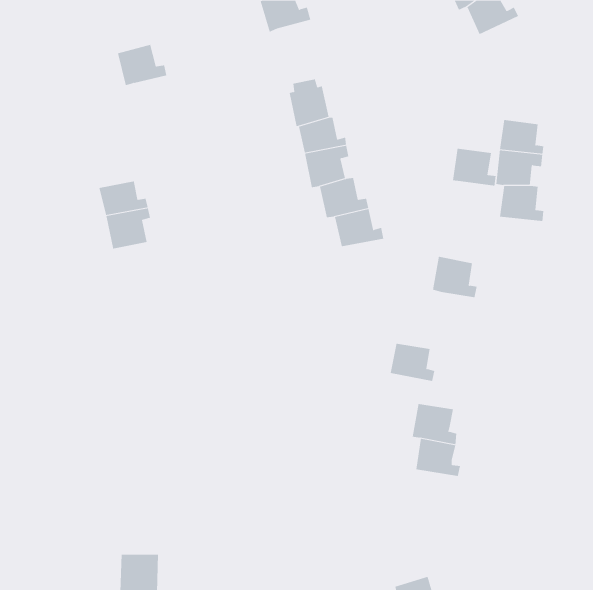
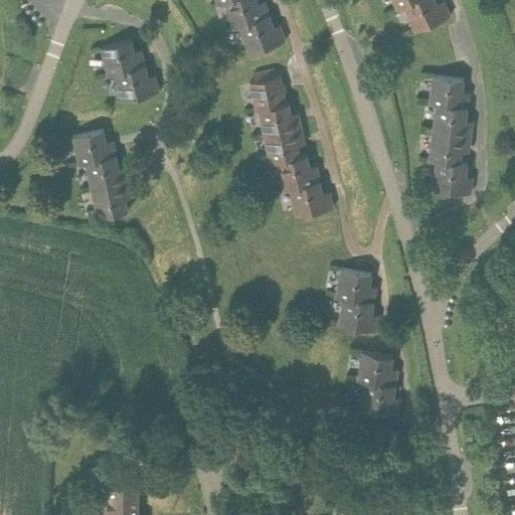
building: none -> [240,19,285,53]
building: none -> [116,67,159,102]
building: [452,148,496,186] -> [430,76,468,110]
building: none -> [72,131,117,166]
building: [432,256,477,298] -> [336,269,375,305]

